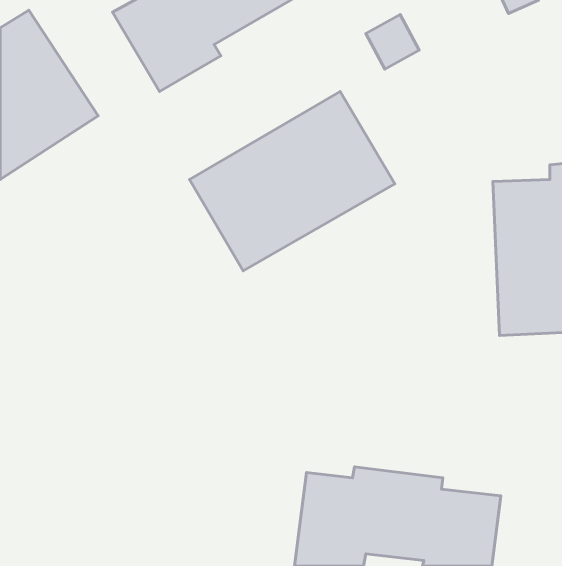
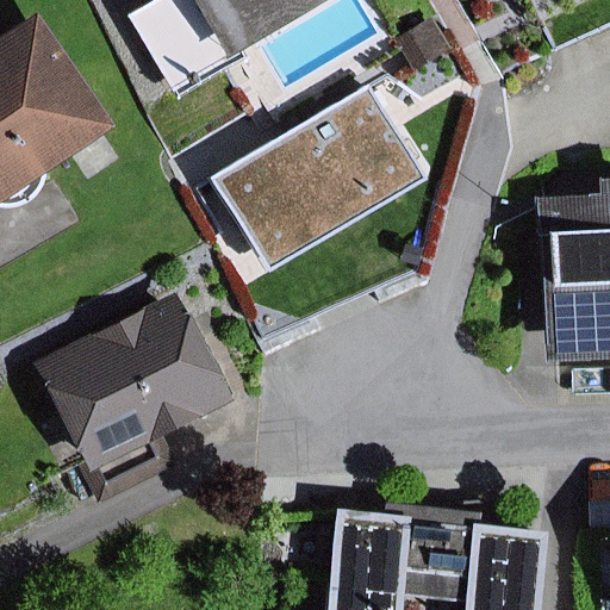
building: none -> [35,294,225,503]

